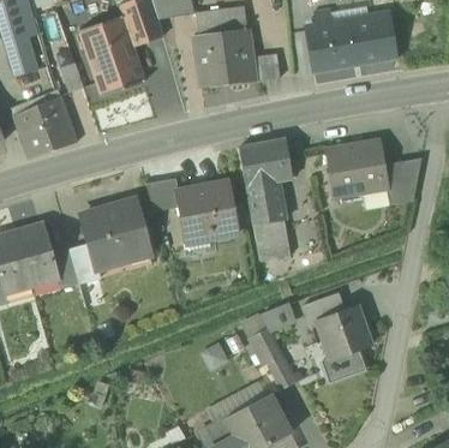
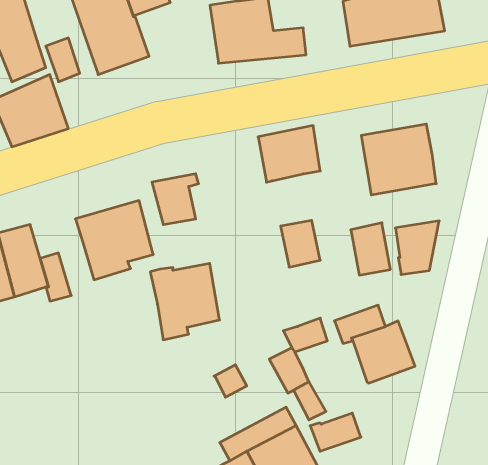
building: [385,157,423,203] -> [395,221,439,275]
building: [250,180,283,225] -> [351,223,390,275]
building: [179,184,238,249] -> [150,263,220,340]
building: [68,241,100,283] -> none
building: [322,348,365,381] -> [310,413,361,451]

